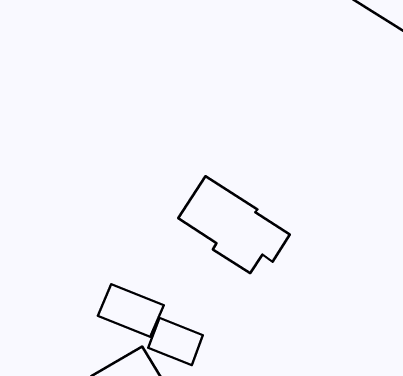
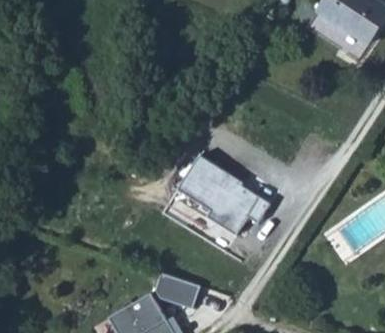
building: [98,284,164,337] -> none

